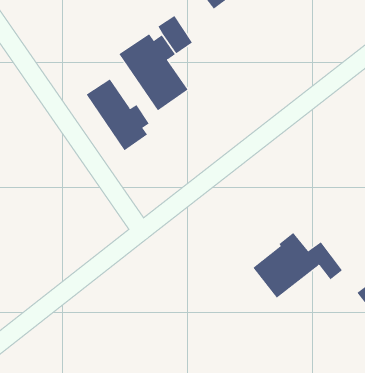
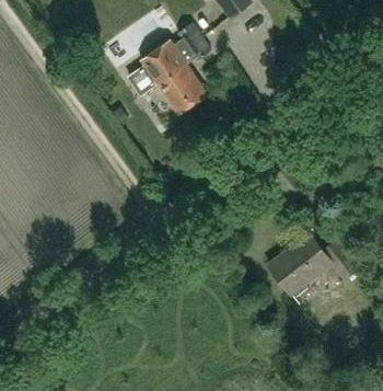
building: [86,78,149,151] -> none

